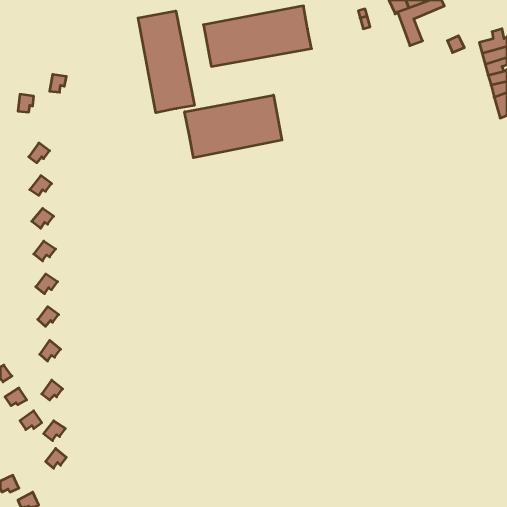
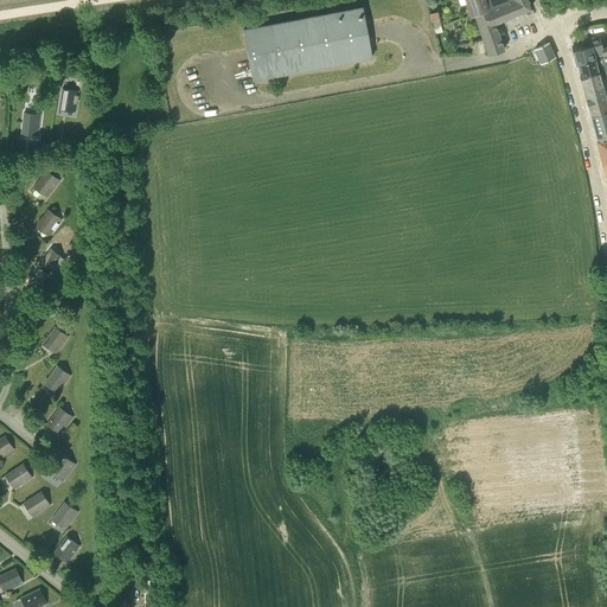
building: [138,11,194,113] -> none
building: [185,95,282,158] -> none

